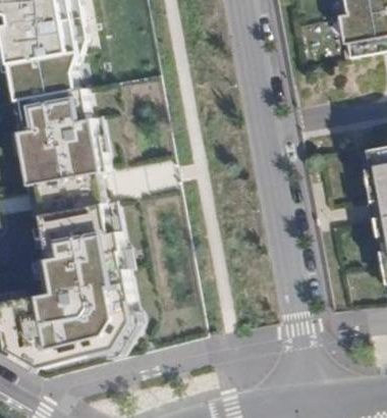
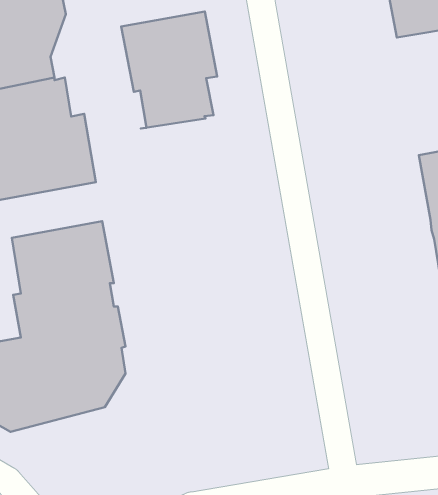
building: none -> [121,11,217,129]

